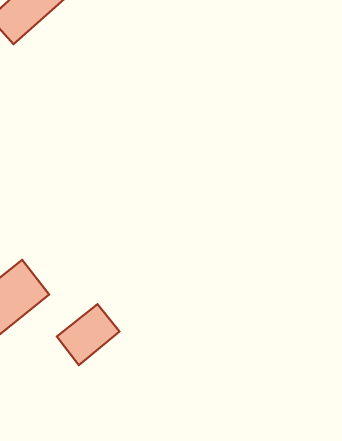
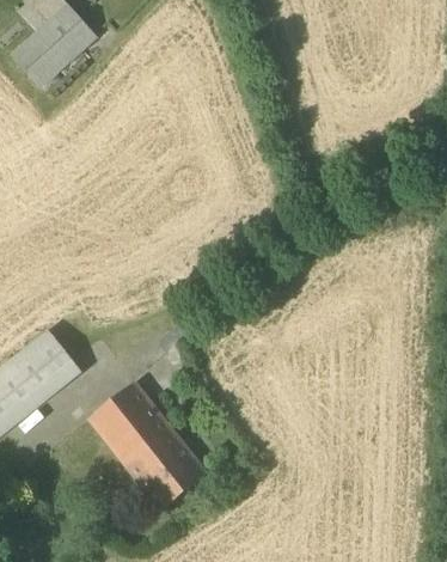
building: none -> [114,413,208,511]

